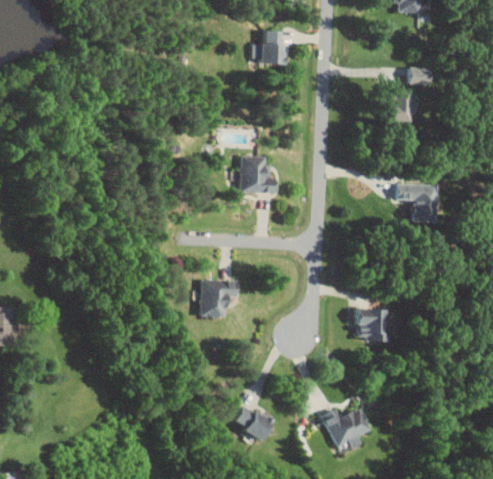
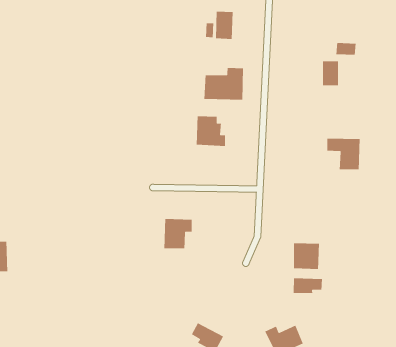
building: none -> [204,67,244,100]
building: none -> [293,278,323,294]

